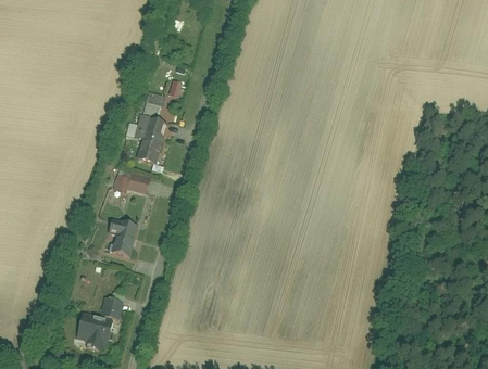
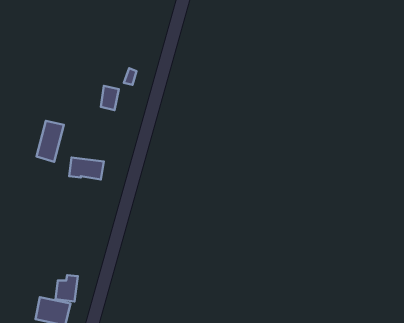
building: [138,126,166,168] -> [36,121,64,162]
building: [113,227,137,259] -> none

